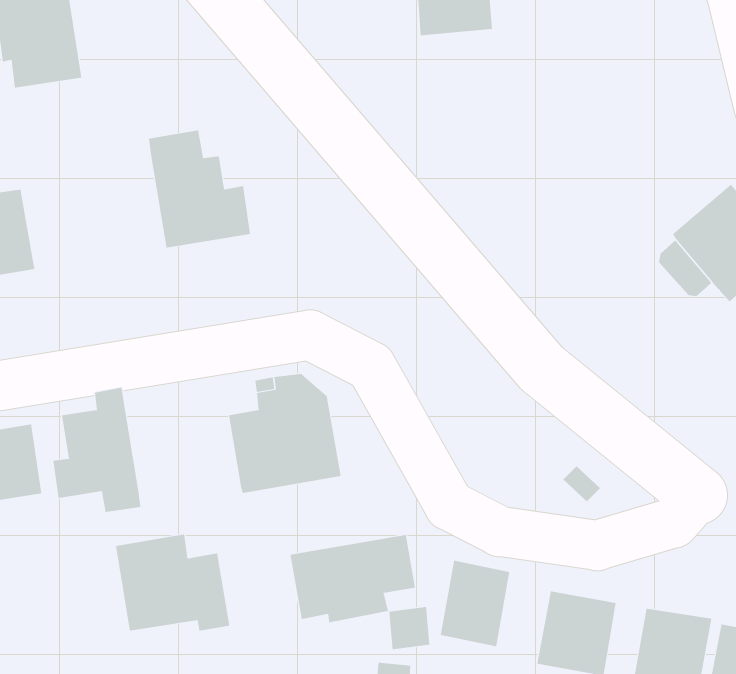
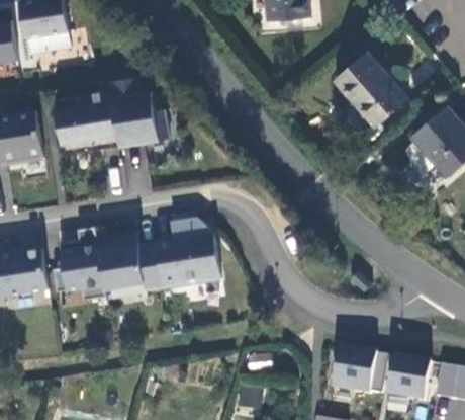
building: none -> [334,52,406,128]
building: none -> [53,90,117,154]
building: [115,534,230,631] -> [94,231,161,287]
building: [290,534,416,623] -> none
building: [440,560,510,647] -> none

